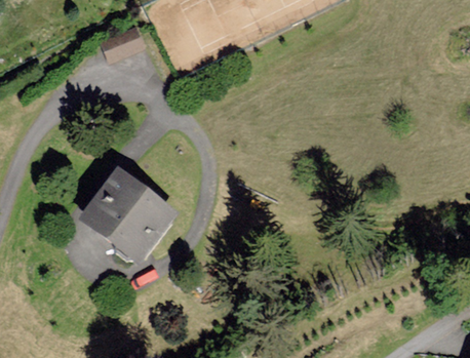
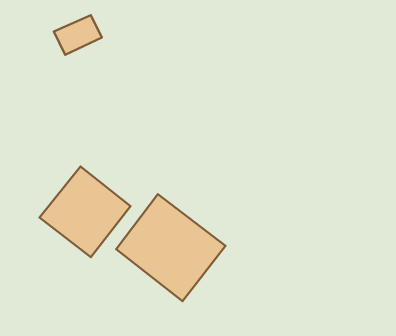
building: none -> [116,194,226,301]

